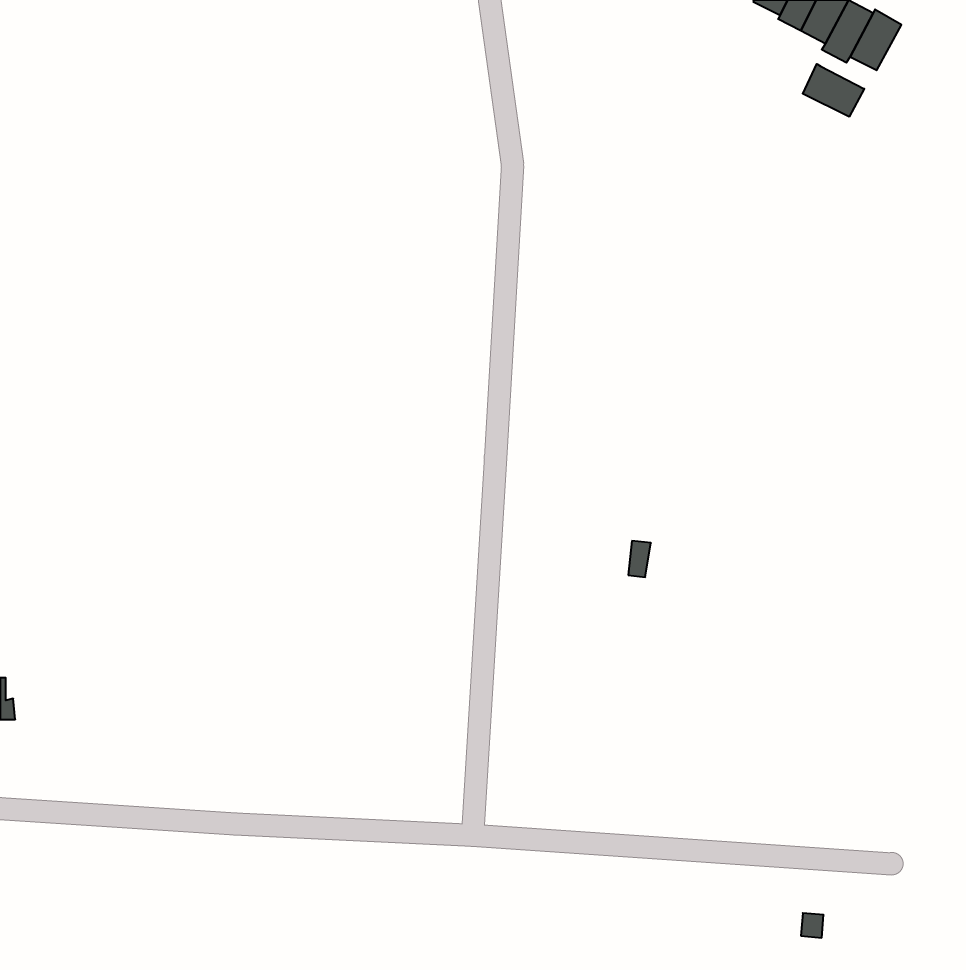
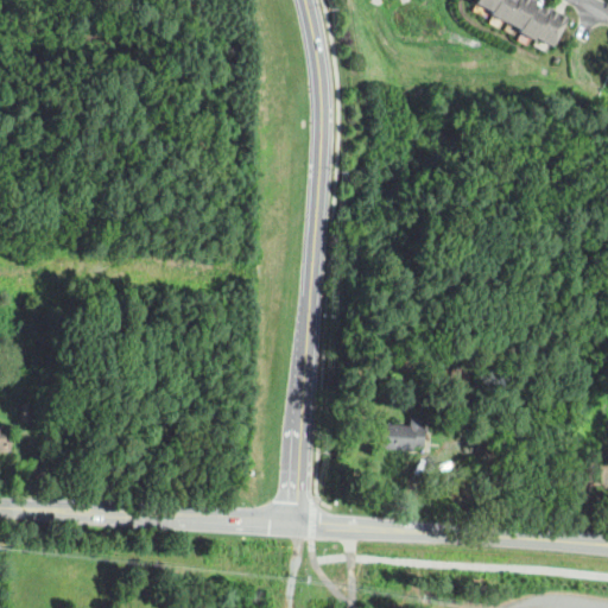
building: [803,64,864,117] -> none
building: none -> [385,417,426,451]

